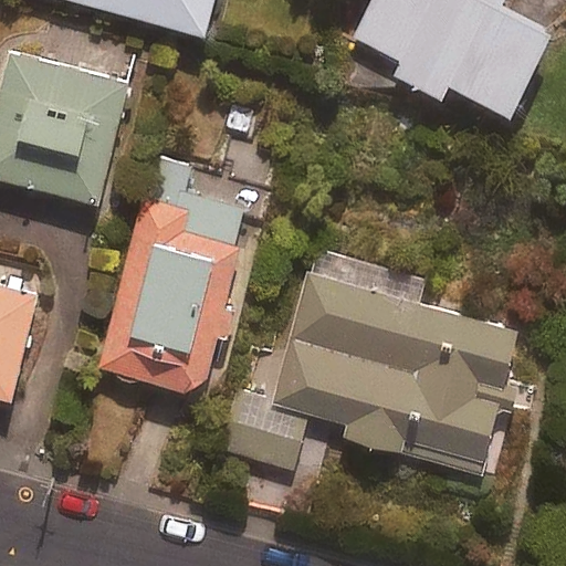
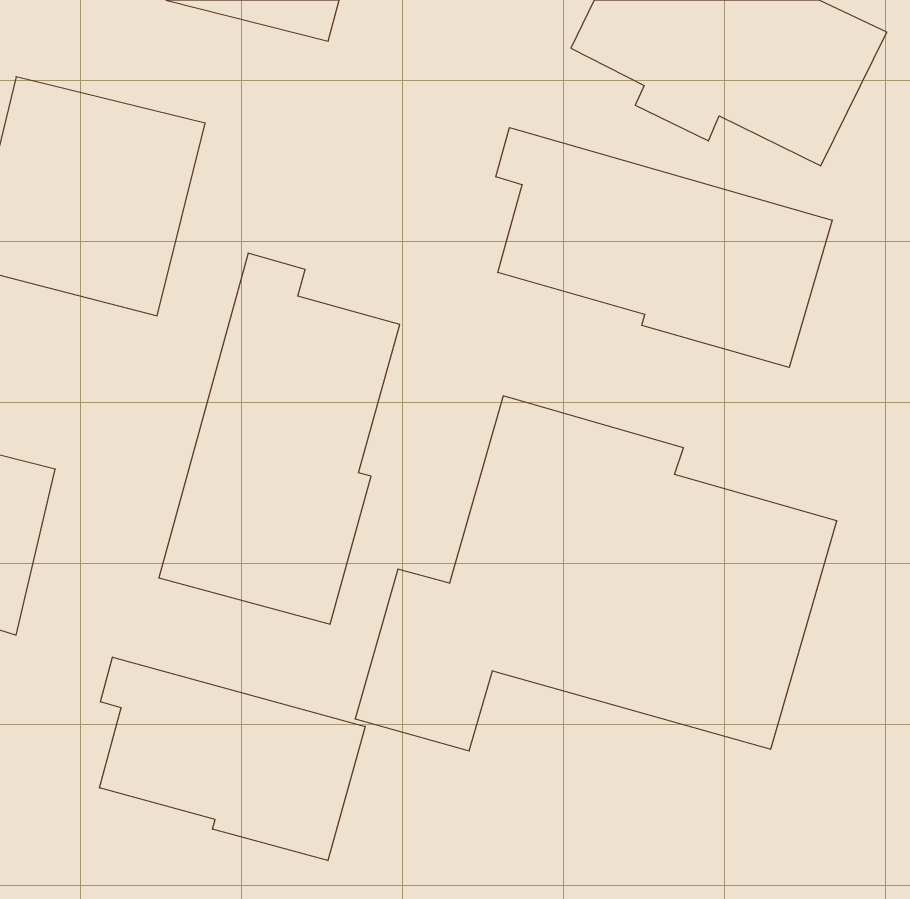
building: none -> [496,128,832,367]
building: none -> [100,657,365,861]

